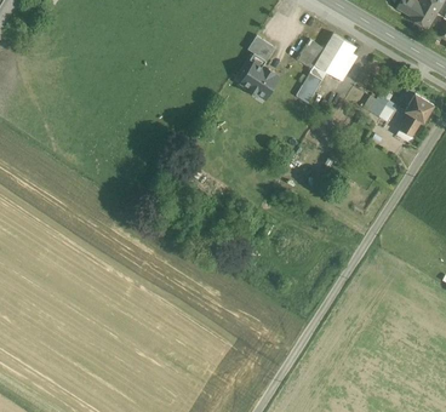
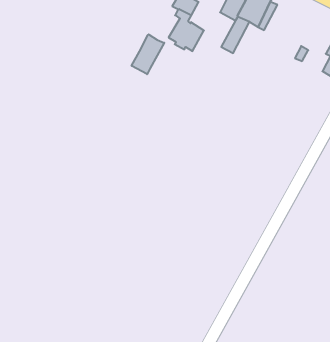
building: none -> [132,34,164,74]

